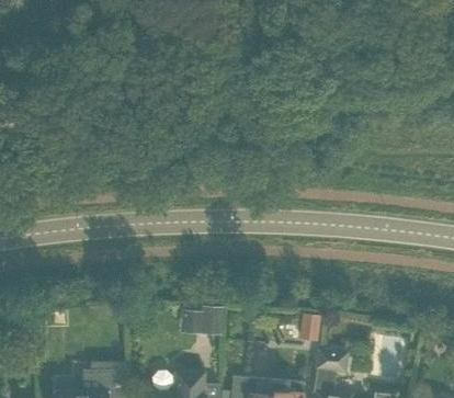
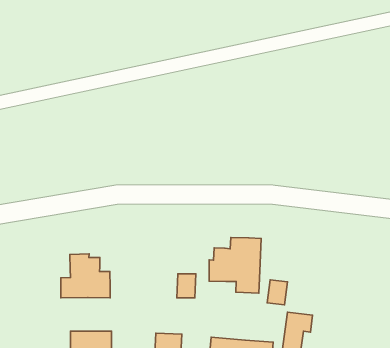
building: none -> [209,237,261,293]
building: none -> [61,254,110,298]

